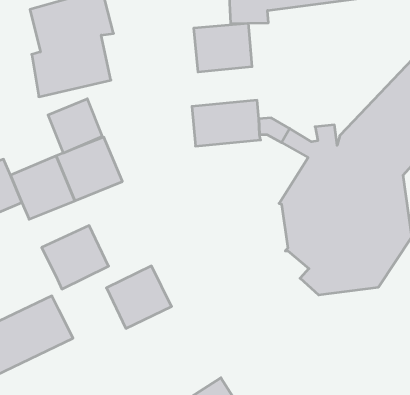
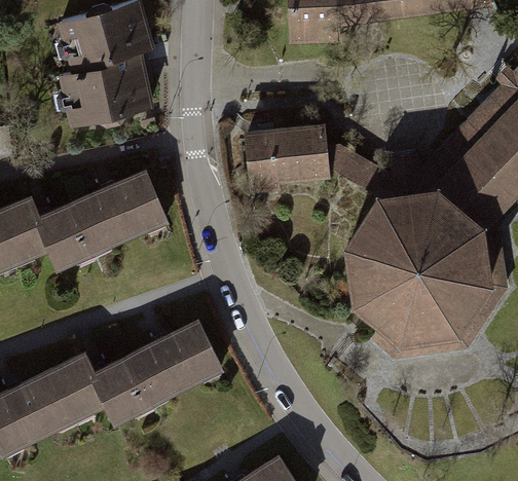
building: [194,23,252,72] -> none
building: [48,99,102,153] -> none
building: [42,226,109,289] -> [90,349,169,423]

